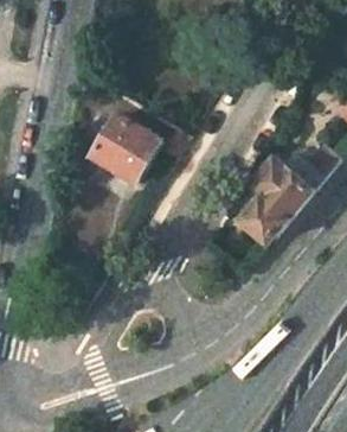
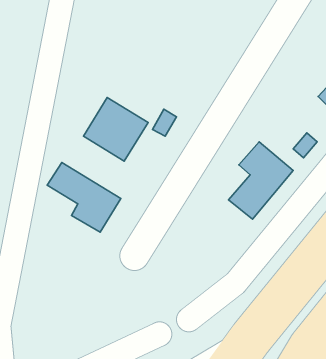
building: none -> [47,162,121,232]

